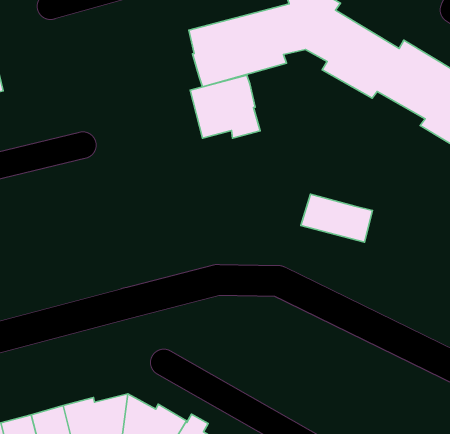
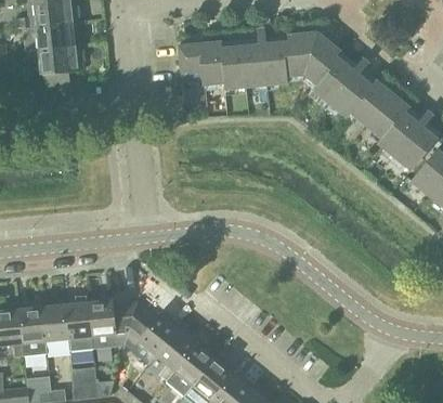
building: [190,75,260,138] -> [179,41,224,84]
building: [301,194,373,242] -> none

